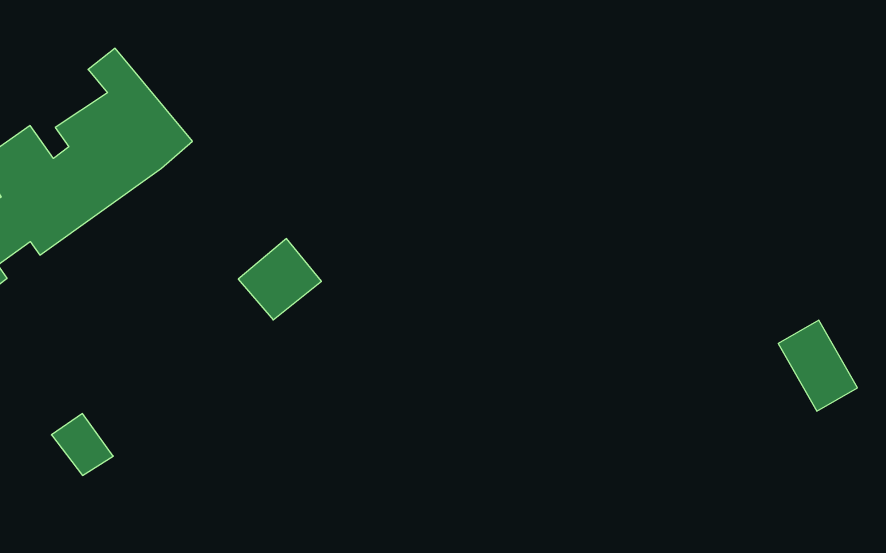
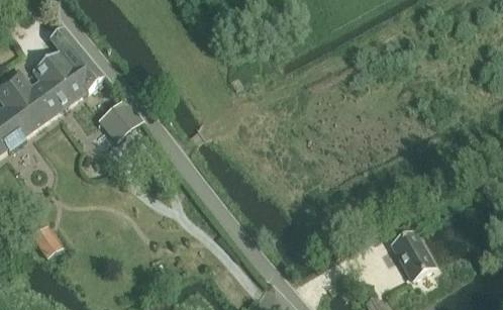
building: [238,239,321,320] -> [98,100,141,142]
building: [778,320,857,411] -> [392,232,433,280]

